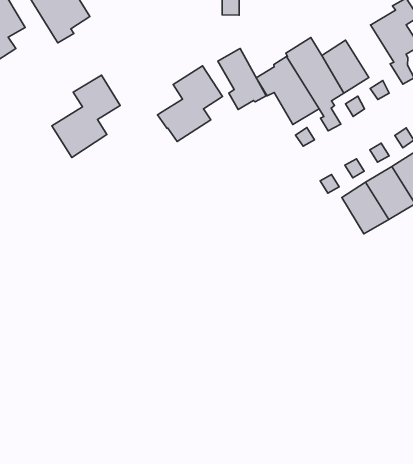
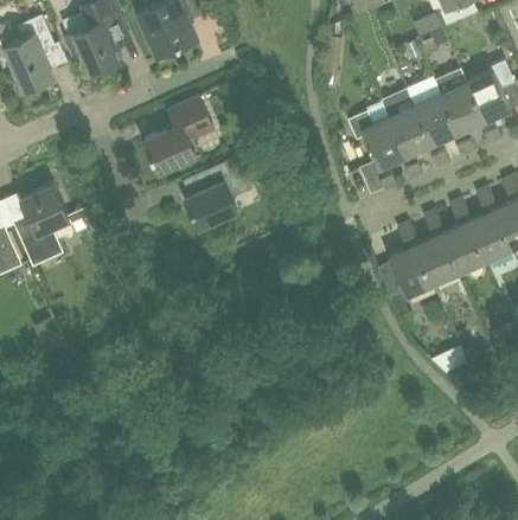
building: none -> [434,70,482,134]
building: [218,49,266,109] -> none
building: [158,66,223,142] -> [185,156,250,226]
building: none -> [388,246,431,297]

